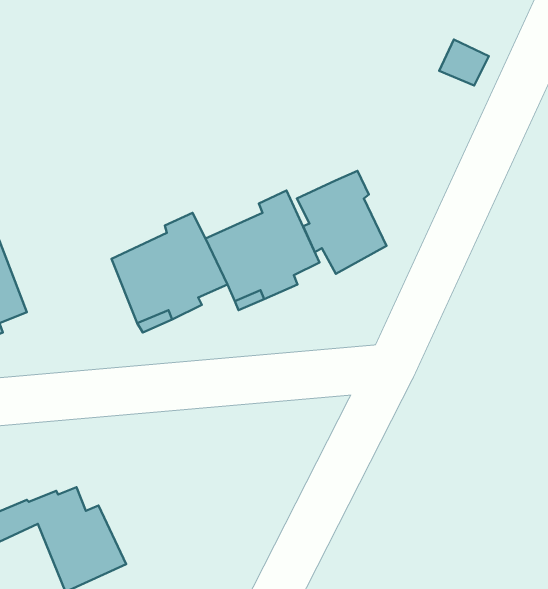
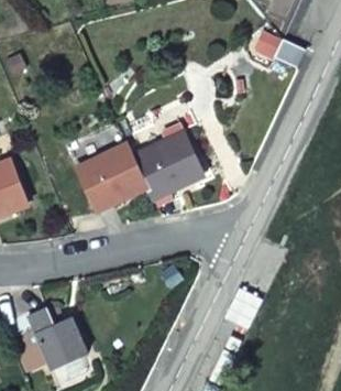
building: [297,171,386,274] -> none

